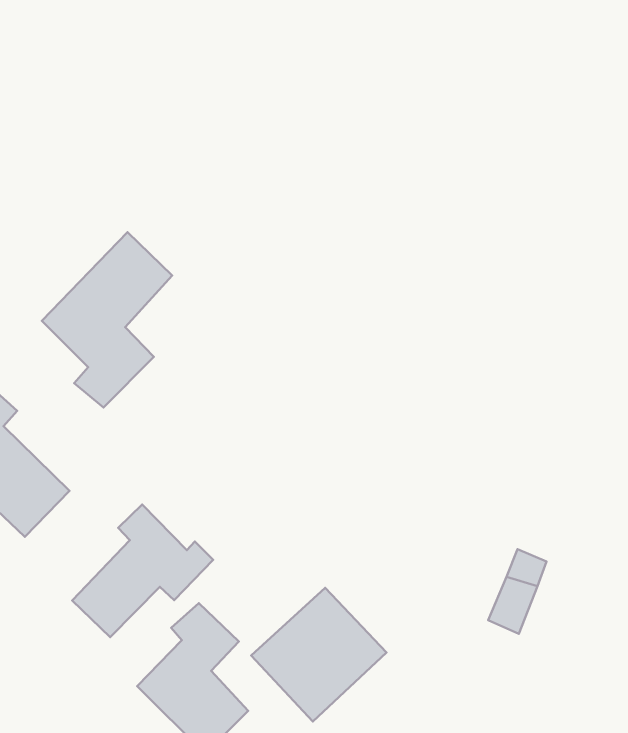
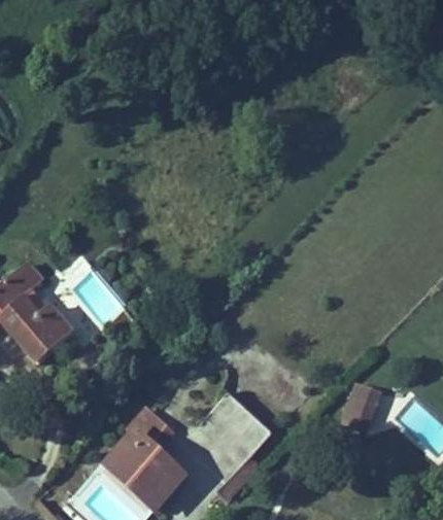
building: [42,232,172,407] -> none
building: [72,505,213,637] -> none

